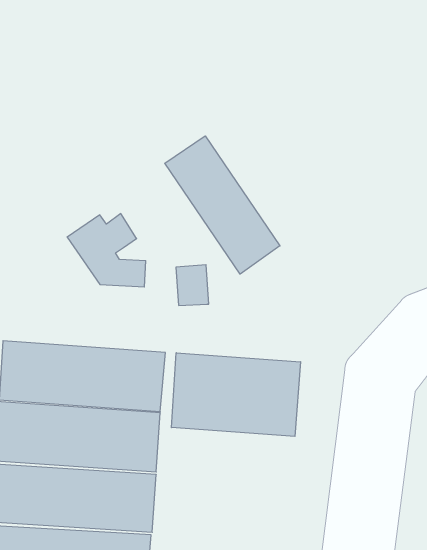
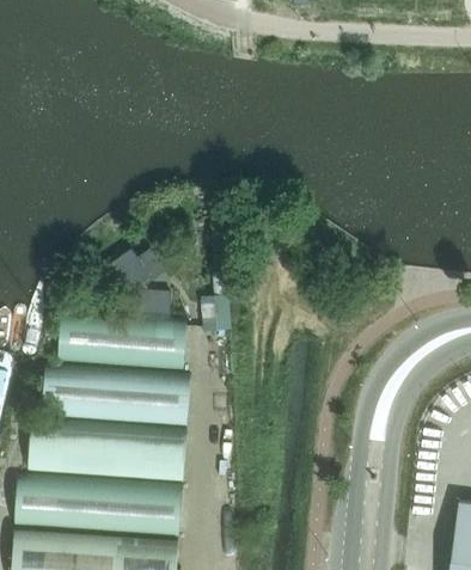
building: [165,136,280,274] -> none
building: none -> [59,308,188,370]
building: [171,353,301,436] -> none

